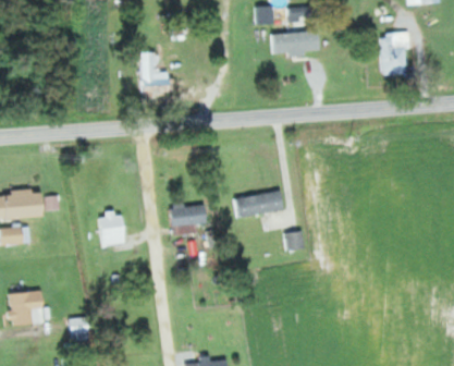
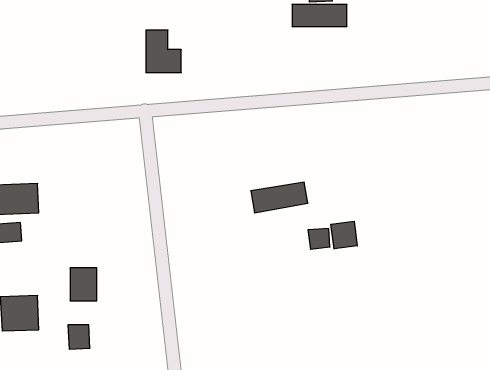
building: [380,33,407,73] -> none
building: [170,206,208,233] -> none
building: [100,215,124,244] -> [70,268,97,301]
building: none -> [331,221,357,249]

